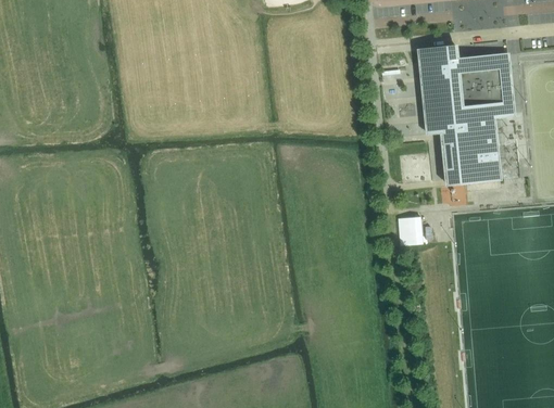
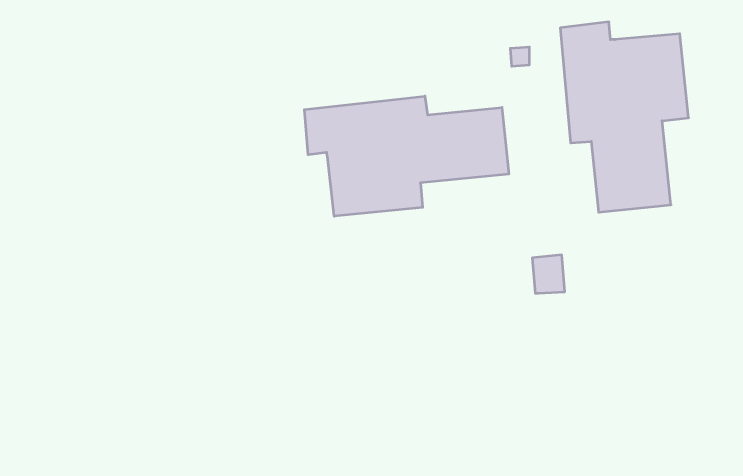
building: none -> [304,96,509,216]

